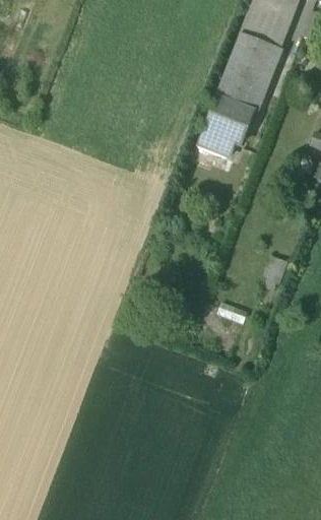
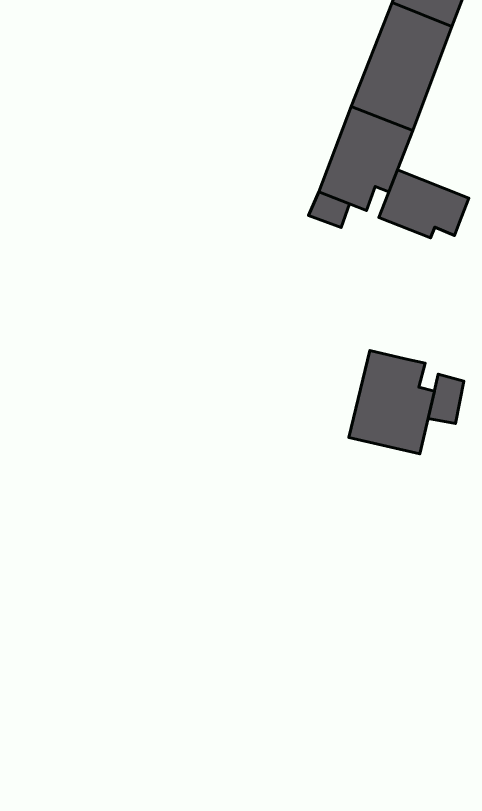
building: none -> [379,170,469,238]
building: none -> [349,351,434,454]

